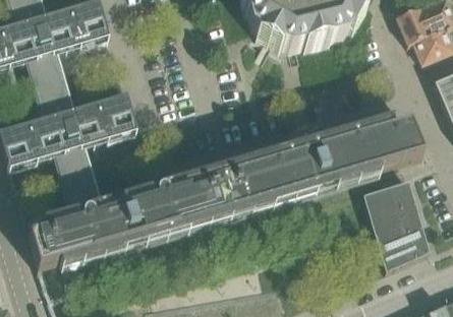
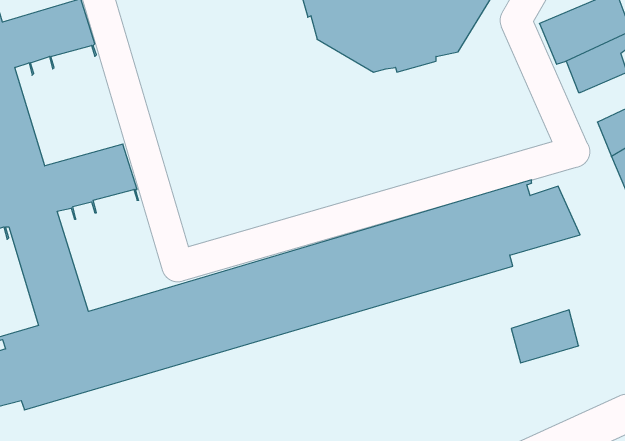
building: [361,182,414,217] -> none
building: [383,229,428,272] -> none

